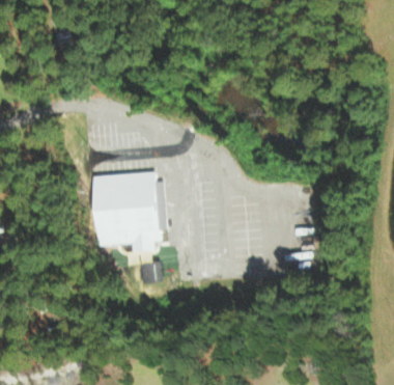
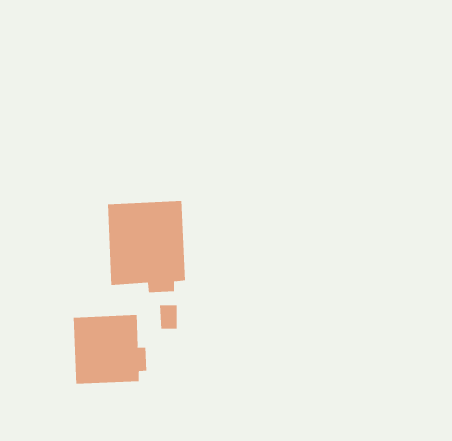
building: none -> [73,314,147,385]

